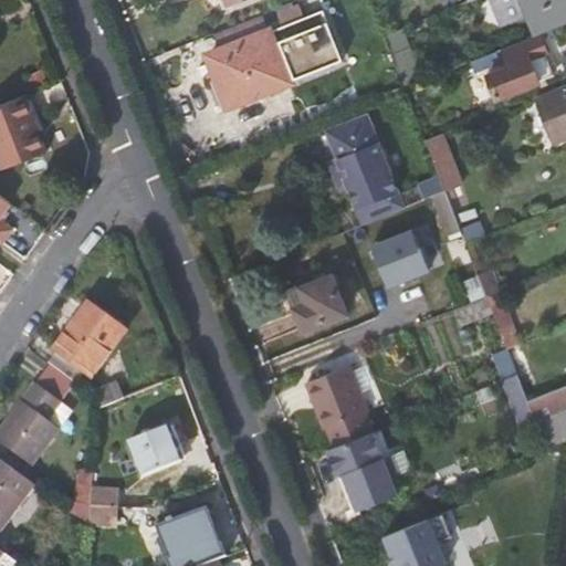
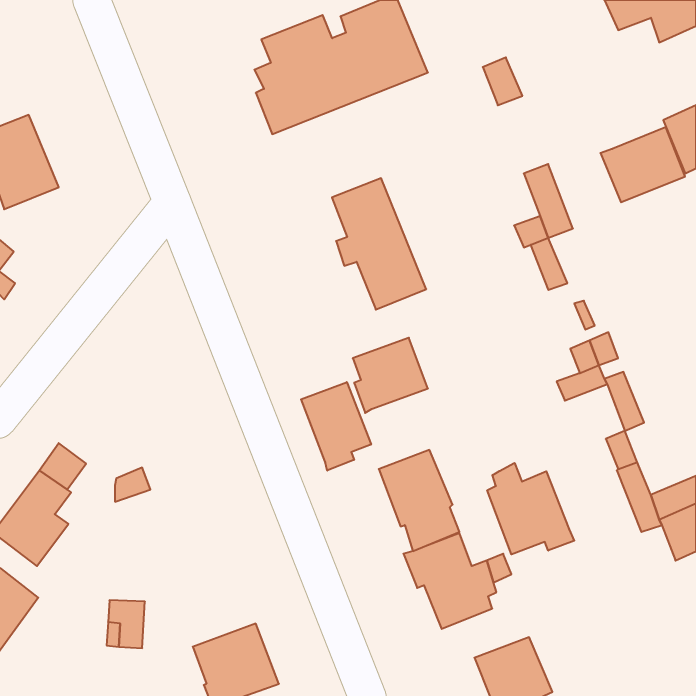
building: [480,36,548,97] -> [600,127,685,202]
building: [329,119,406,226] -> [332,178,426,310]
building: [370,227,431,287] -> none
building: [53,304,124,375] -> none
building: none -> [301,382,371,471]
building: none -> [487,463,574,554]
building: [128,428,179,476] -> none

